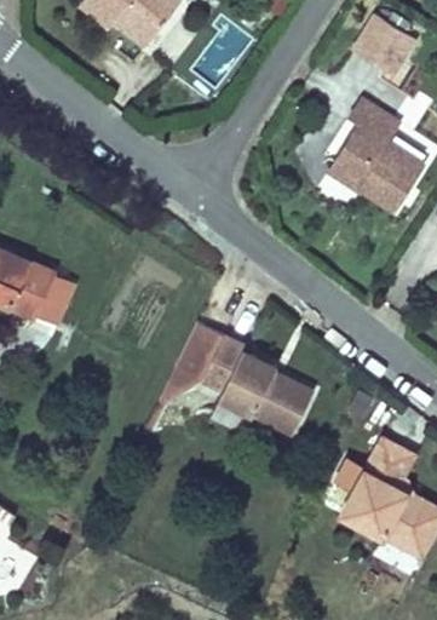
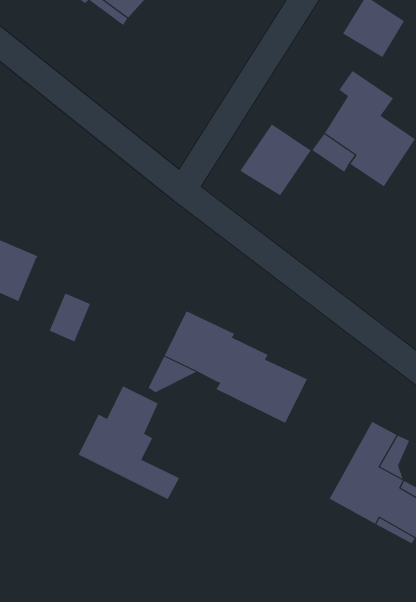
building: none -> [240,123,311,196]
building: [34,277,75,326] -> [49,293,91,342]
building: none -> [78,385,180,500]

